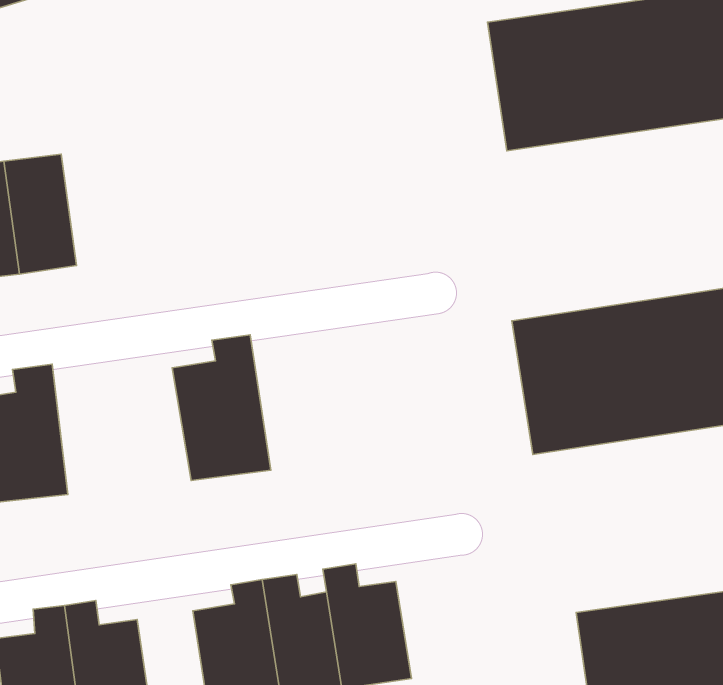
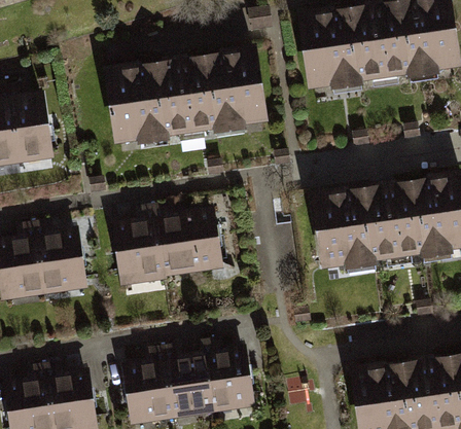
building: none -> [103,47,268,146]
building: none -> [155,199,225,282]
building: none -> [38,217,87,296]

